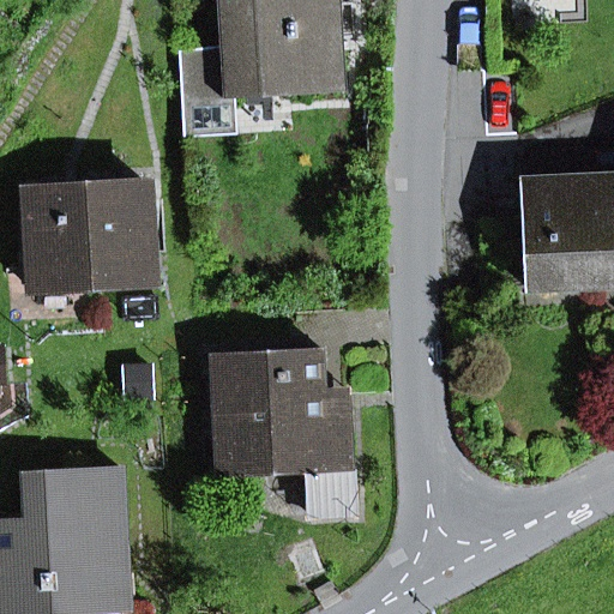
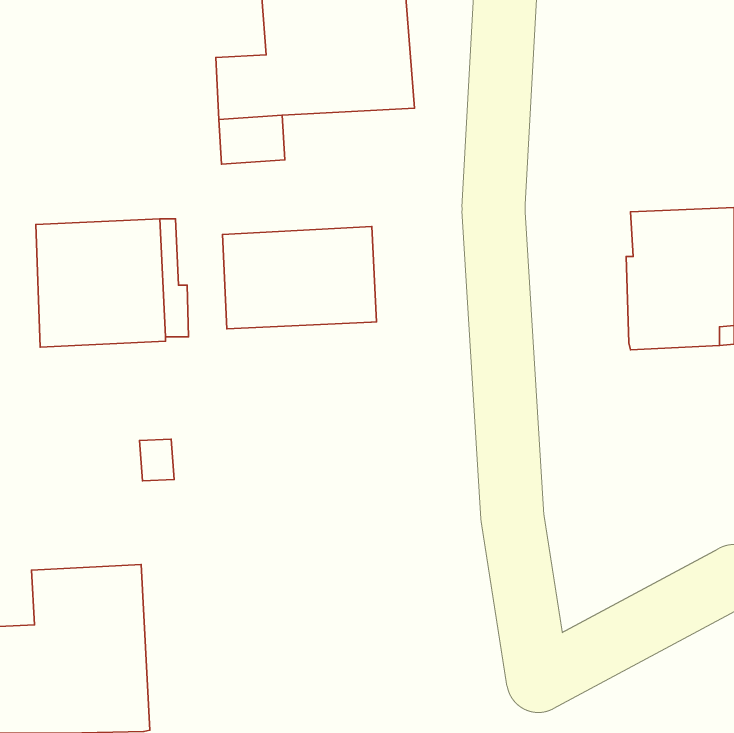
building: none -> [222,226,376,329]
building: [211,350,355,514] -> none

